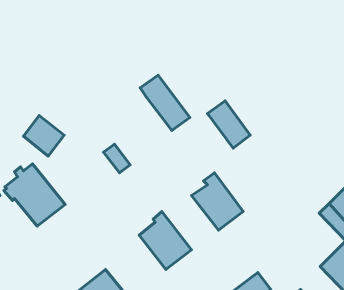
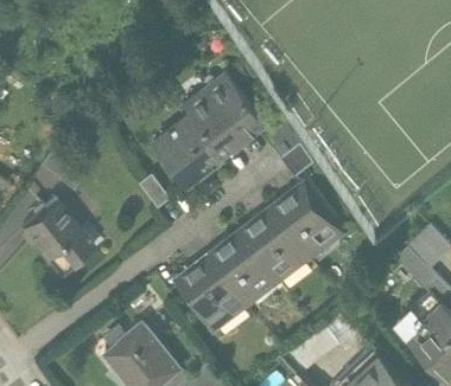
building: none -> [203,73,263,142]
building: none -> [160,117,220,187]
building: none -> [271,189,337,255]
building: none -> [208,236,275,301]

